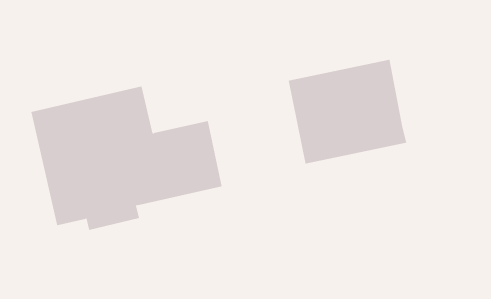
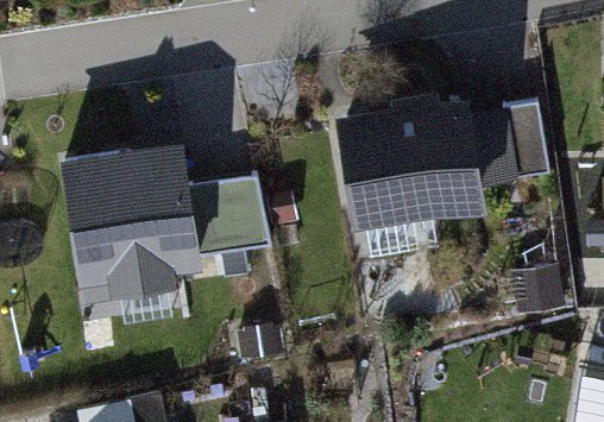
building: none -> [464,109,549,197]

